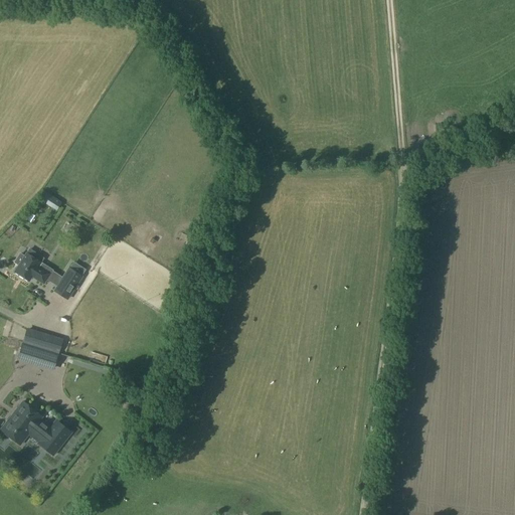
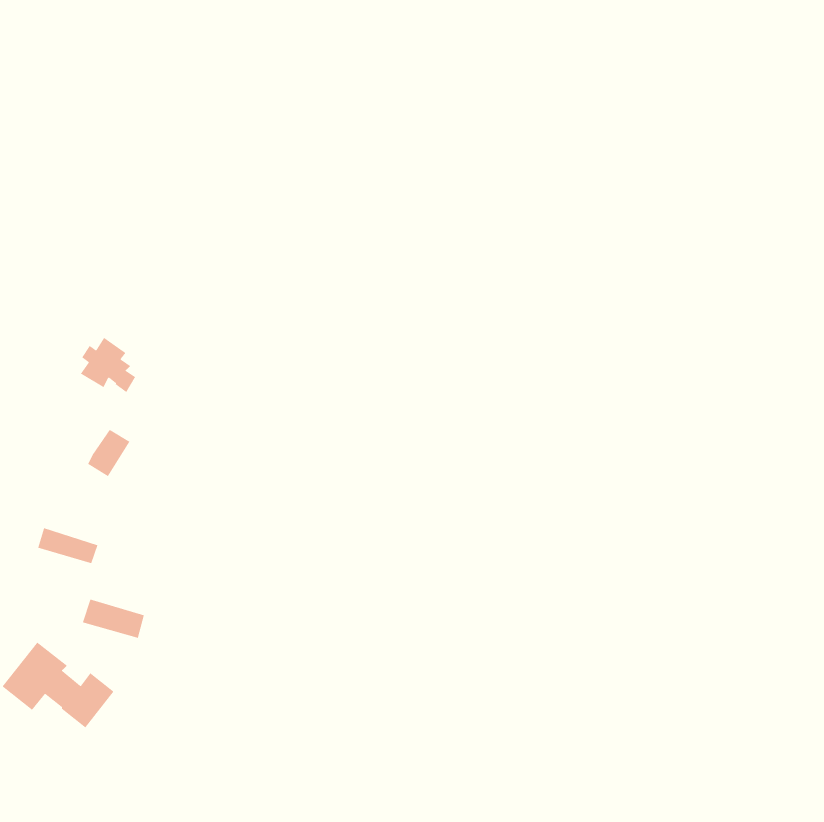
building: [14,247,49,283] -> [80,337,136,393]
building: [18,342,57,367] -> [82,599,145,639]

